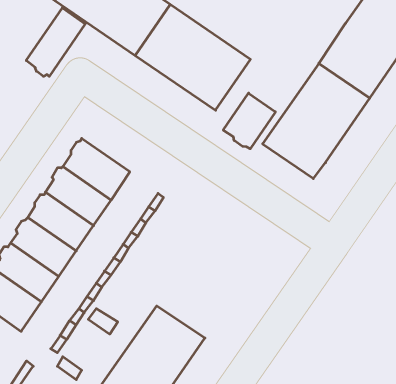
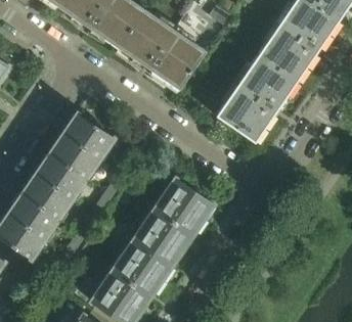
building: [26,8,85,76] -> none
building: [223,93,275,149] -> none
building: none -> [134,178,212,264]

